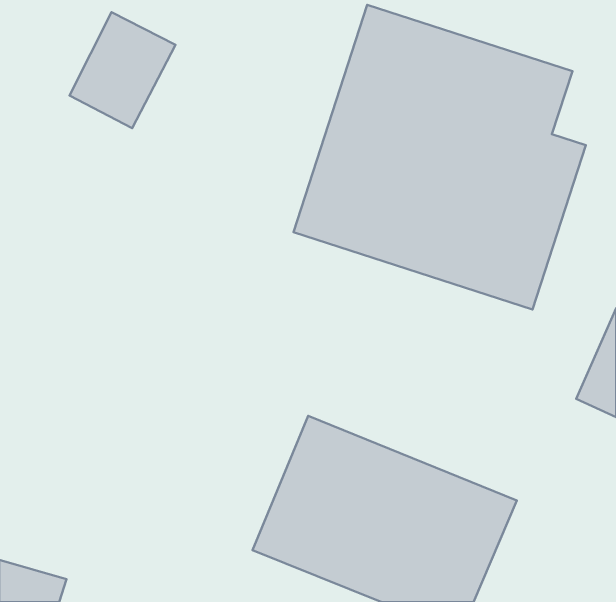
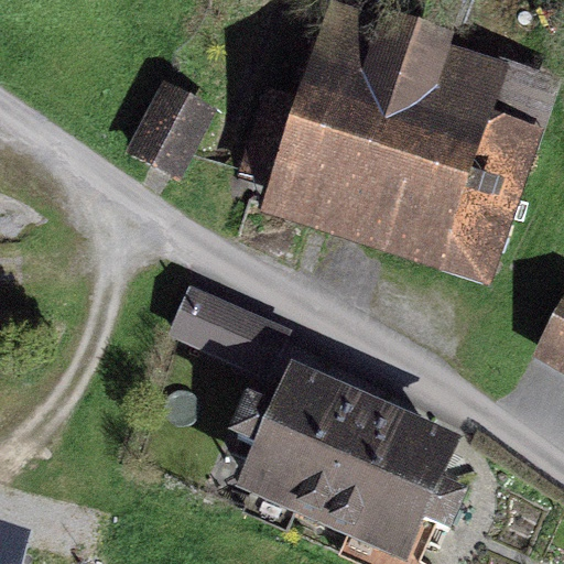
building: [69,12,176,128] -> [128,59,225,165]
building: none -> [171,281,294,371]

